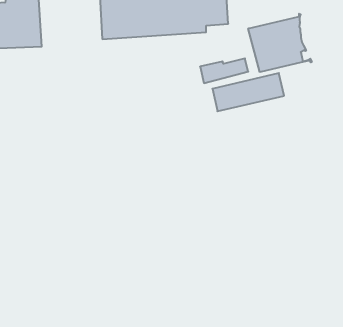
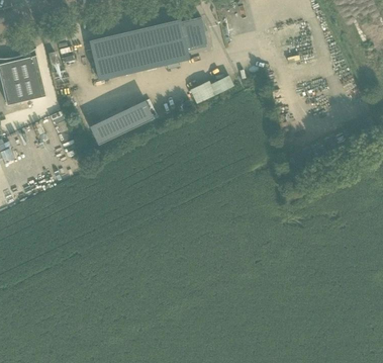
building: [248,14,312,72] -> none
building: [212,73,284,111] -> [87,100,152,144]

